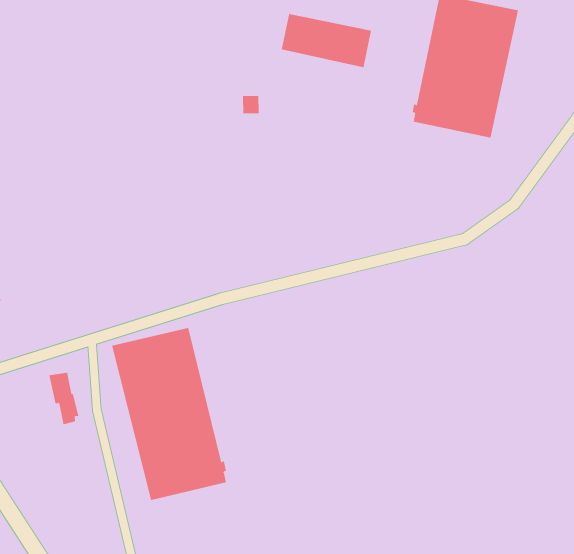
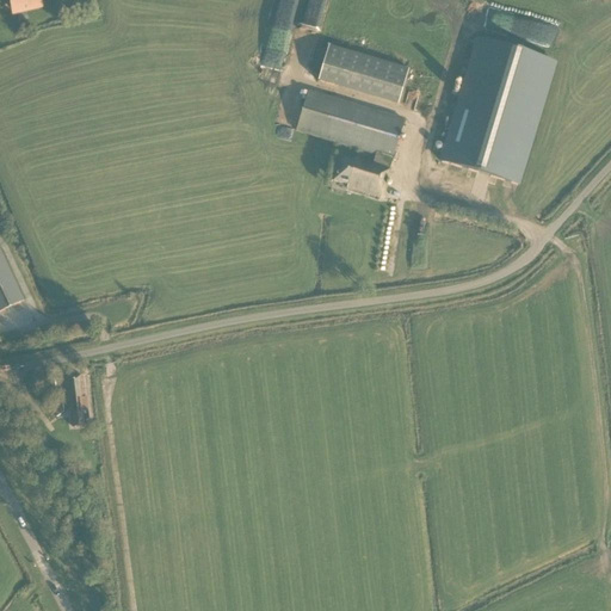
building: none -> [296,88,405,197]
building: [112,327,227,501] -> none

